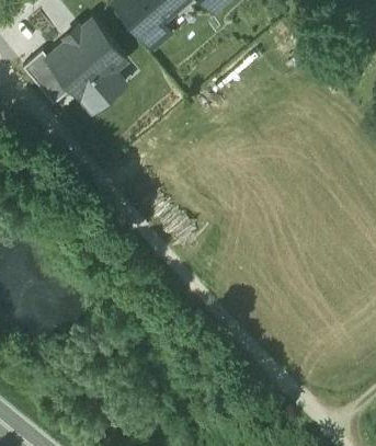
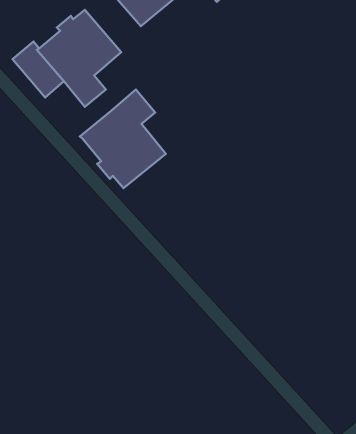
building: none -> [80,90,166,188]

